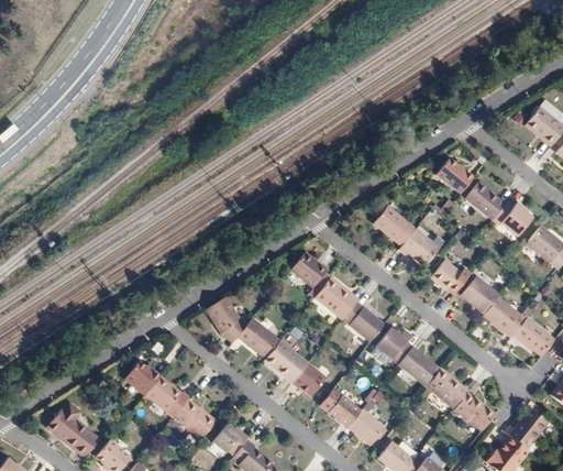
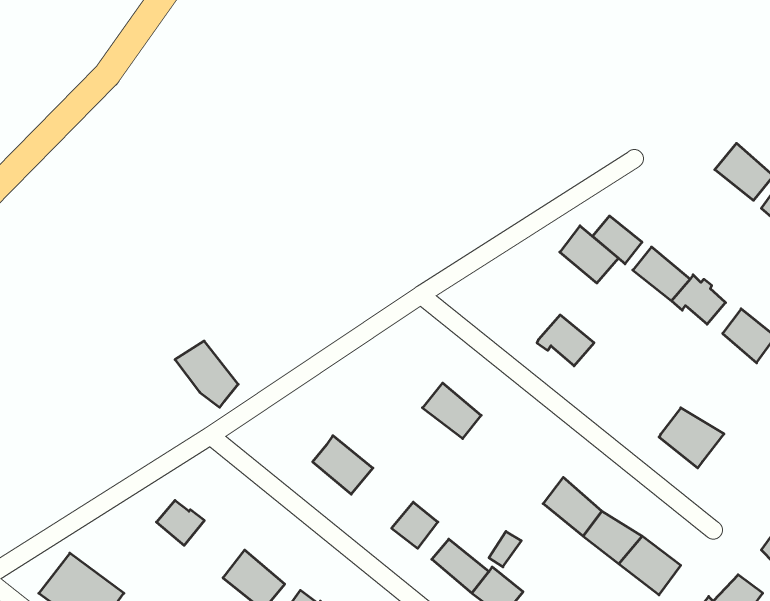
building: [369,206,411,247] -> [560,226,619,283]
building: [288,250,331,297] -> none
building: [431,259,470,293] -> none
building: [462,278,497,314] -> none
building: [200,291,245,338] -> [175,341,238,407]
building: [342,300,384,341] -> none
building: [512,314,555,354] -> none
building: [378,328,413,363] -> none
building: [263,338,307,381] -> none
building: [144,375,188,416] -> none

